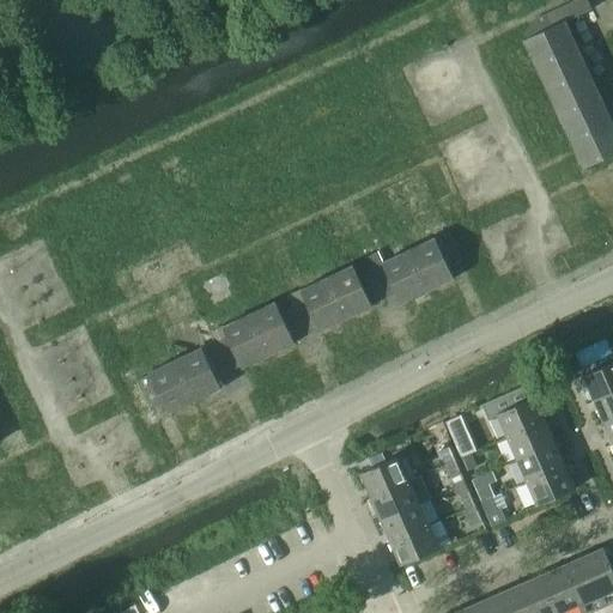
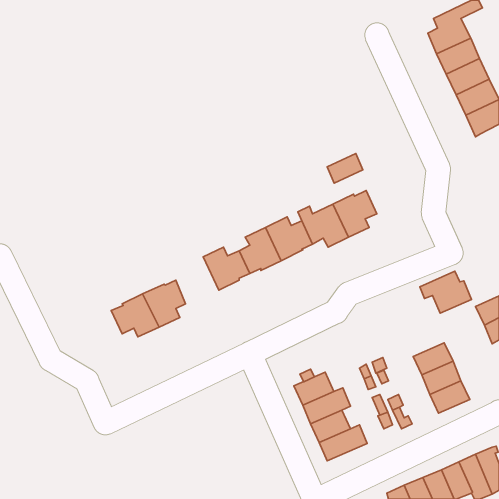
building: none -> [327,154,363,183]
building: [216,315,268,372] -> none
building: [481,386,545,437] -> [420,271,472,313]

